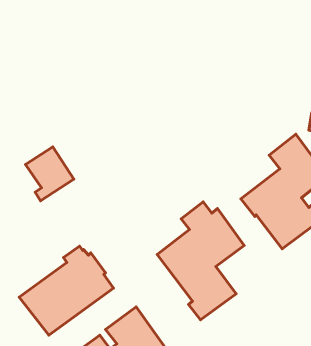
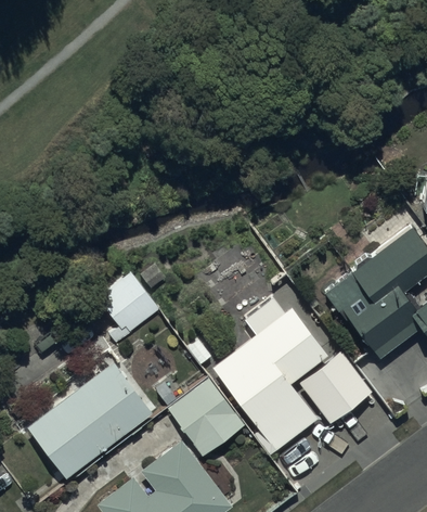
building: [25,147,74,201] -> [98,272,163,345]
building: none -> [301,353,372,423]
building: none -> [168,376,246,457]

